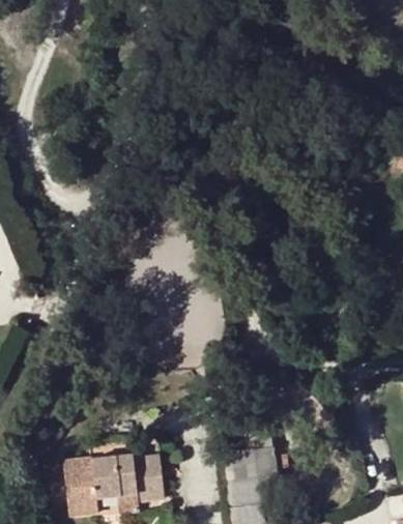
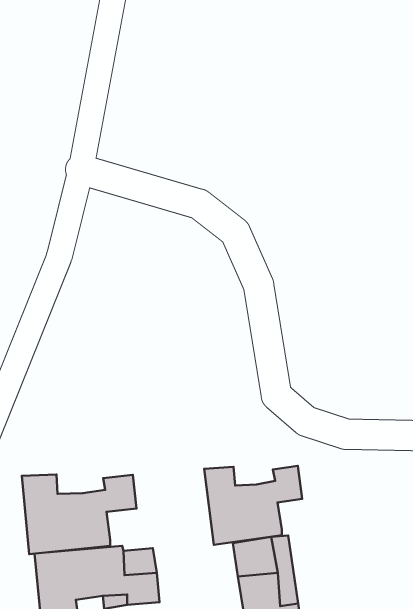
building: none -> [204,466,302,545]
building: none -> [22,475,136,554]

